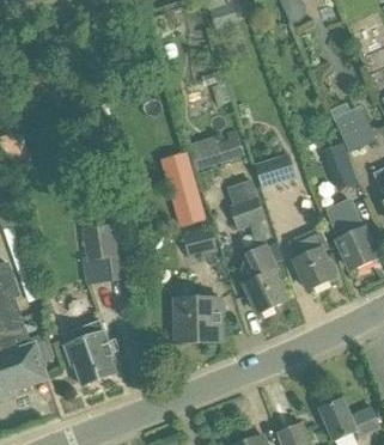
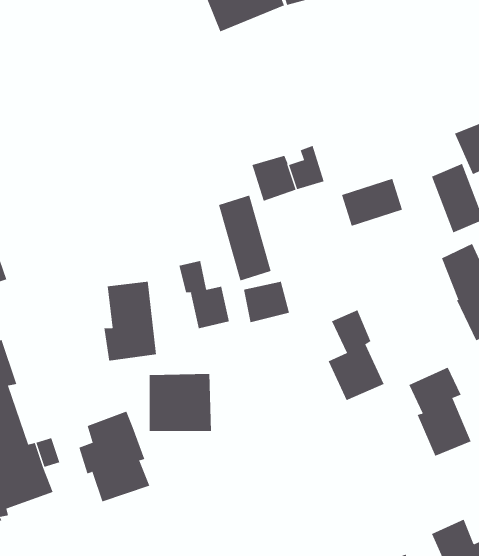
building: [227,178,266,227] -> none
building: none -> [179,260,230,329]
building: [288,225,334,289] -> [408,367,472,456]
building: [177,299,223,341] -> [149,373,212,431]

